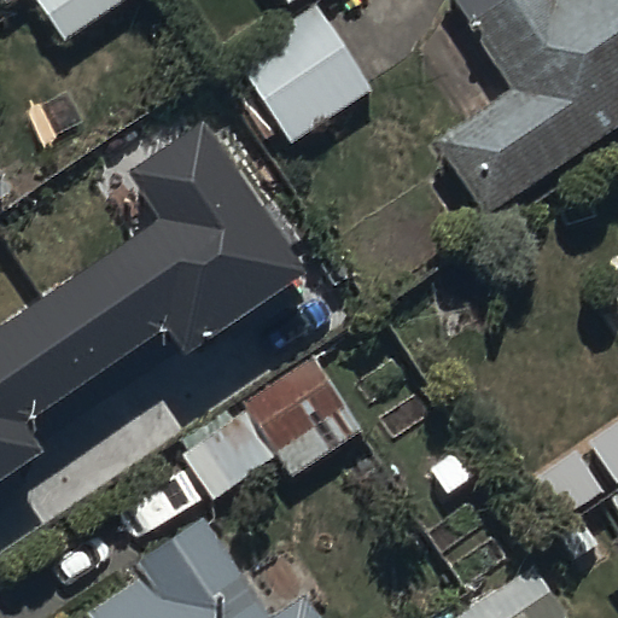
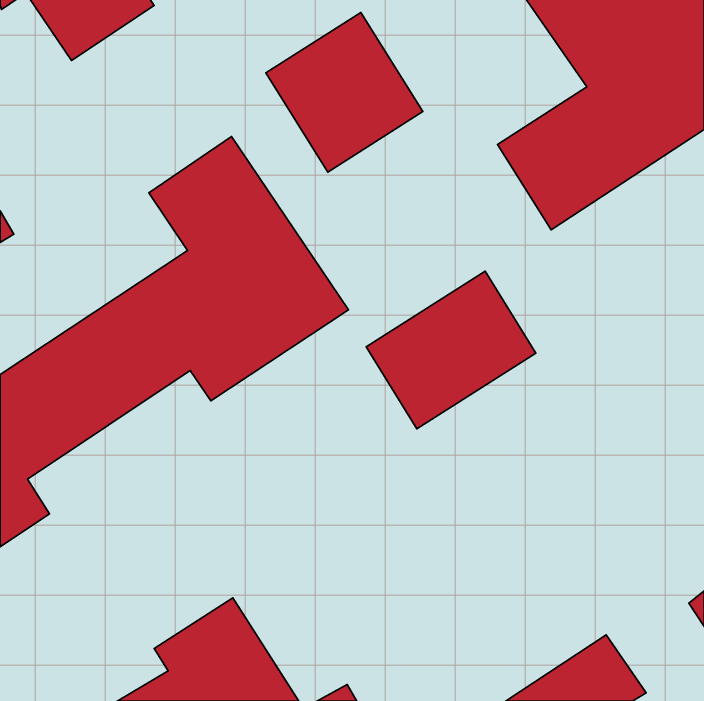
building: none -> [366,271,536,429]
building: [181,362,360,503] -> none

